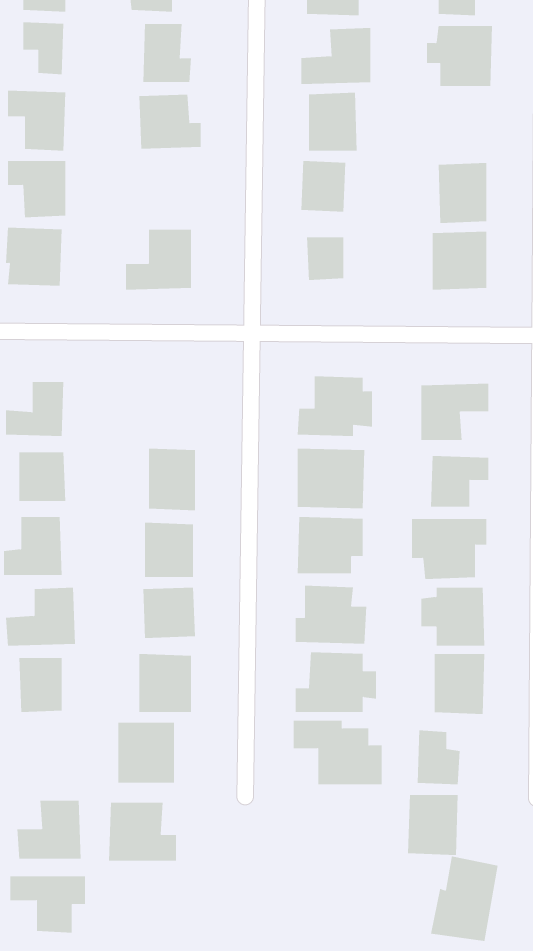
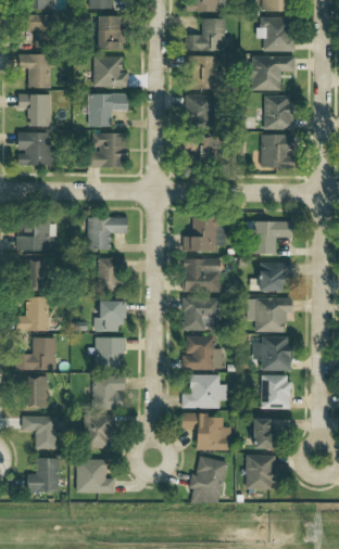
building: none -> [253,55,294,90]
building: none -> [88,93,127,126]
building: none -> [87,216,126,248]
building: [430,856,499,941] -> [188,456,227,505]
building: [10,876,86,933] -> [21,417,64,449]

